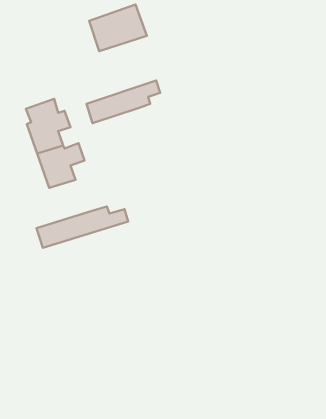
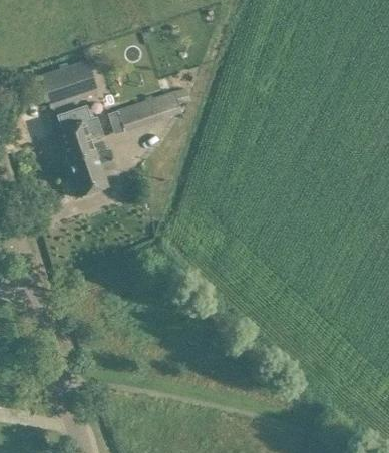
building: [89,5,147,51] -> [41,61,98,107]
building: [36,207,128,248] -> none

